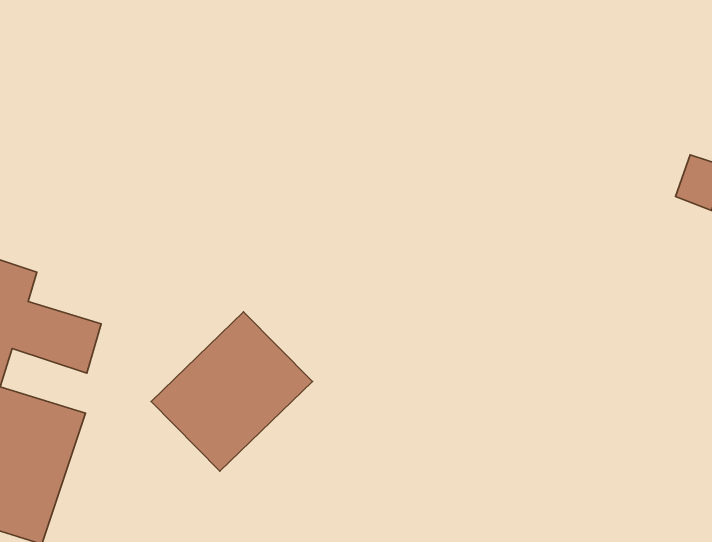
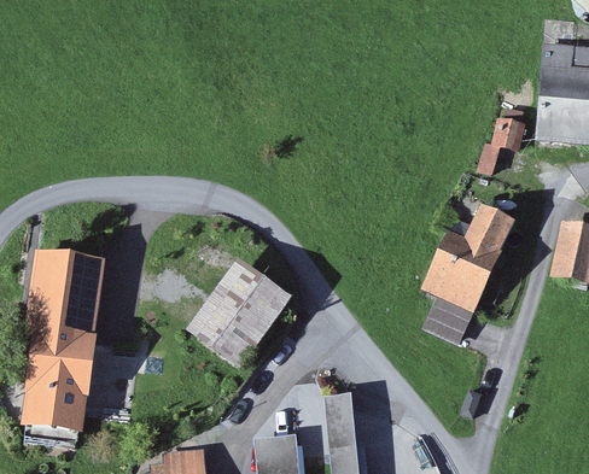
building: none -> [422,200,511,341]

